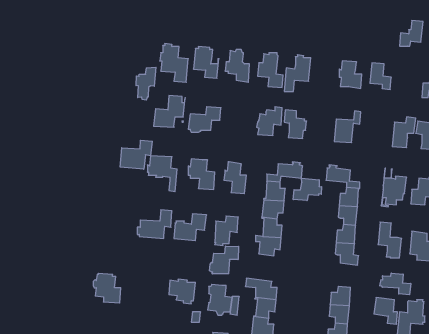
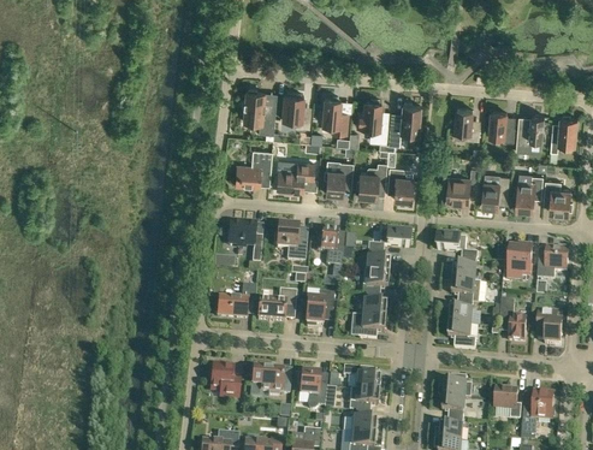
building: [400,21,423,46] -> [517,114,545,144]
building: [136,67,156,100] -> none
building: none -> [324,161,354,194]
building: none -> [482,176,510,207]
building: [120,140,152,169] -> none
building: [293,178,322,201] -> none
building: [209,246,239,274] -> none
building: [380,273,411,295] -> none
building: [93,273,121,303] -> [208,362,241,397]

